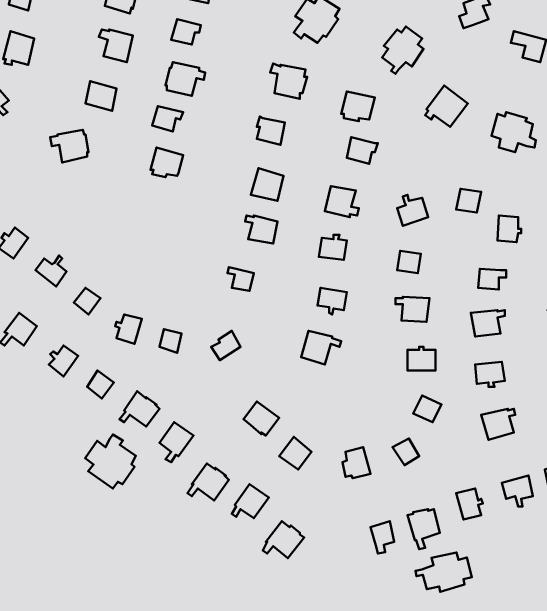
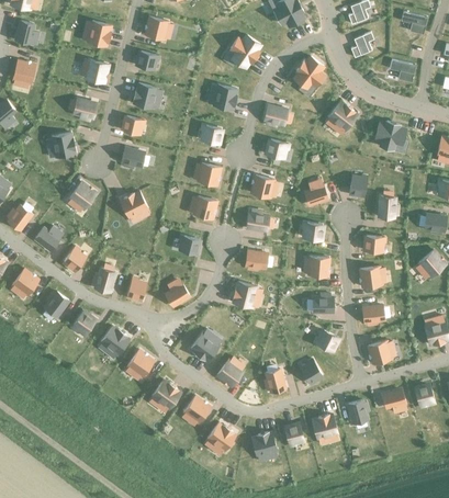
building: none -> [67,180,96,208]
building: none -> [120,191,148,218]
building: [85,435,136,489] -> none
building: none -> [250,431,277,463]
building: [416,552,472,592] -> none

